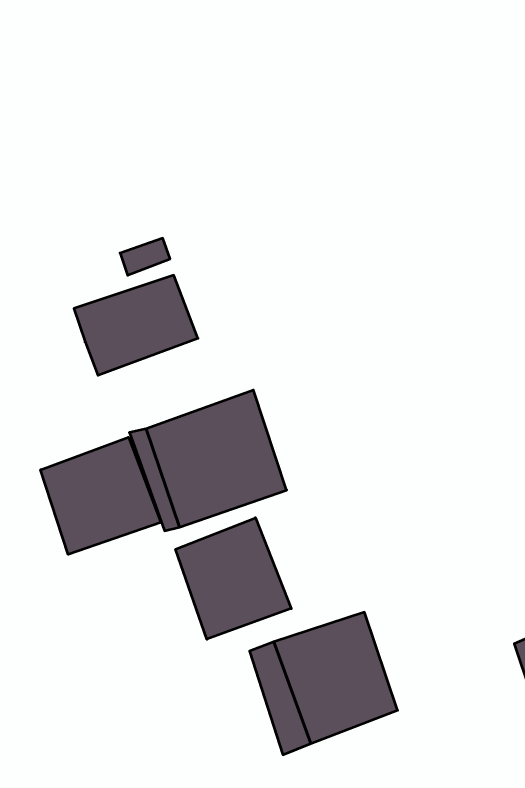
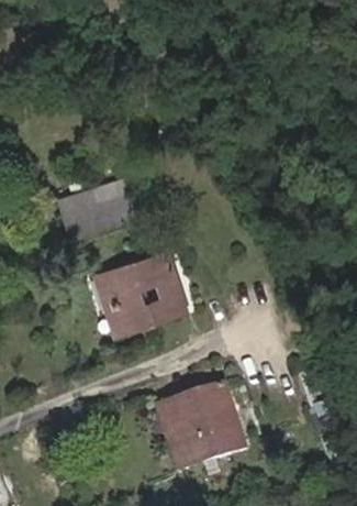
building: [41,437,161,554] -> none
building: [176,518,291,639] -> none

